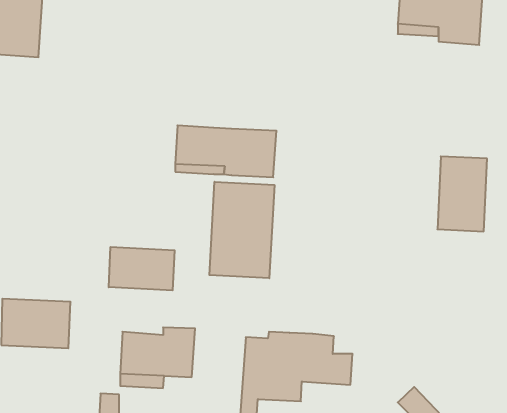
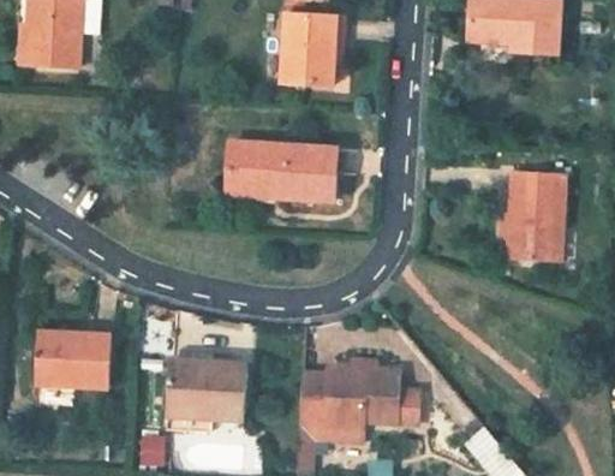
building: none -> [281,12,344,84]
building: [209,182,274,278] -> none
building: [109,247,175,290] -> none

